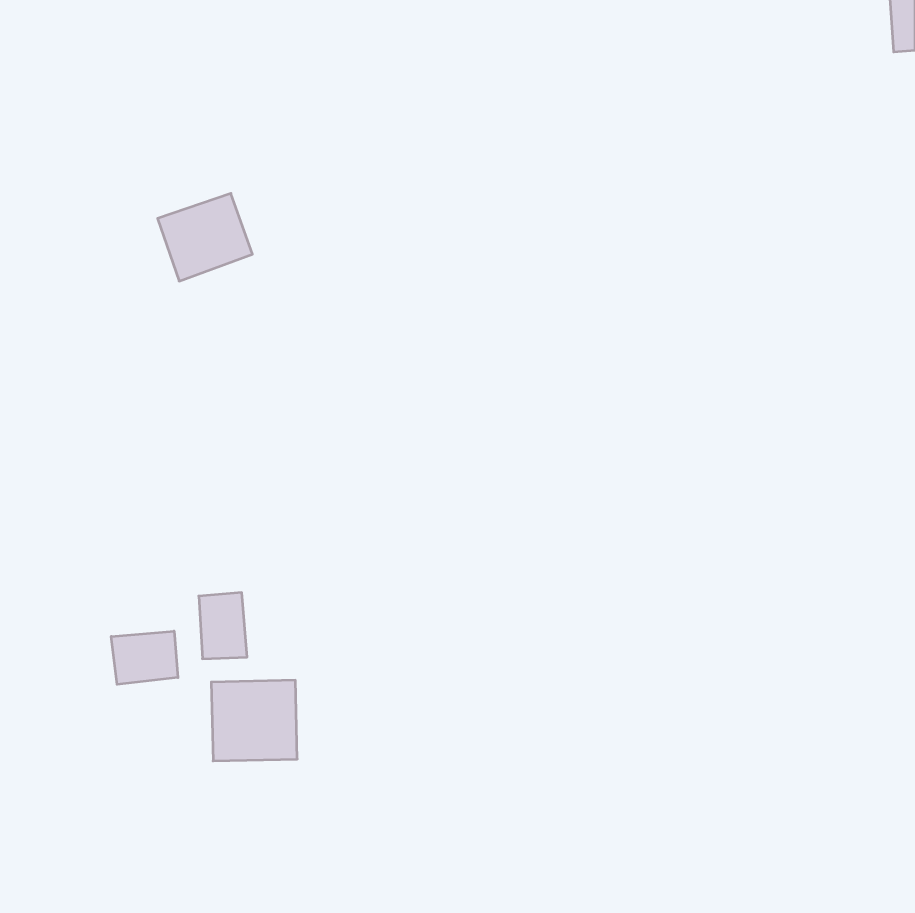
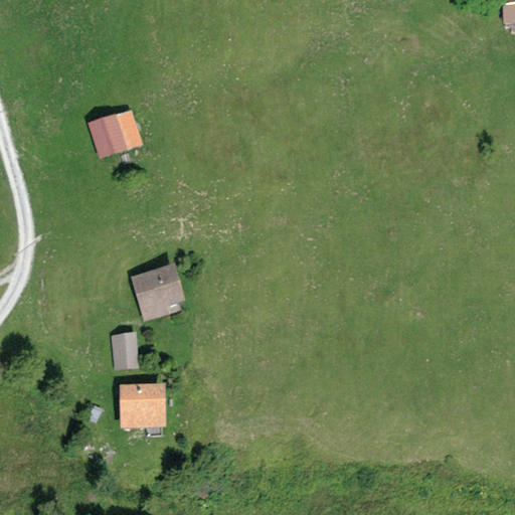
building: none -> [131,263,186,321]
building: [111,631,178,684] -> none

